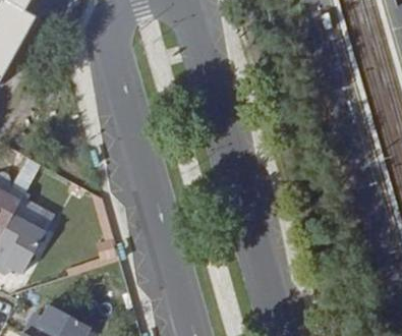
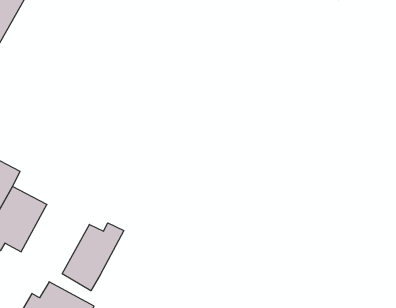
building: none -> [62,223,124,291]

